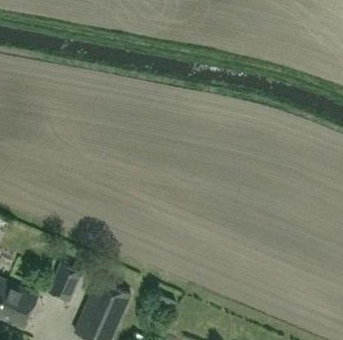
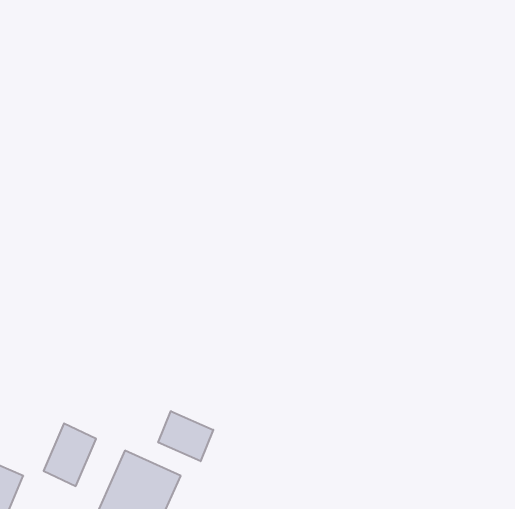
building: none -> [158,411,213,461]

